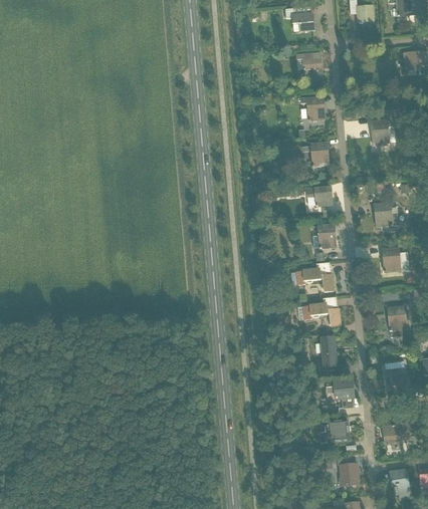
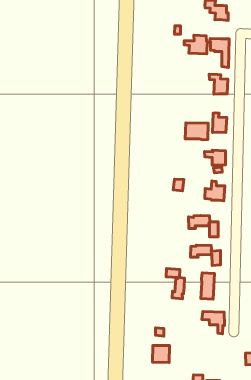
building: none -> [184,35,207,54]
building: none -> [185,123,208,140]
building: none -> [166,269,184,299]
building: [327,418,349,440] -> [153,345,170,362]

